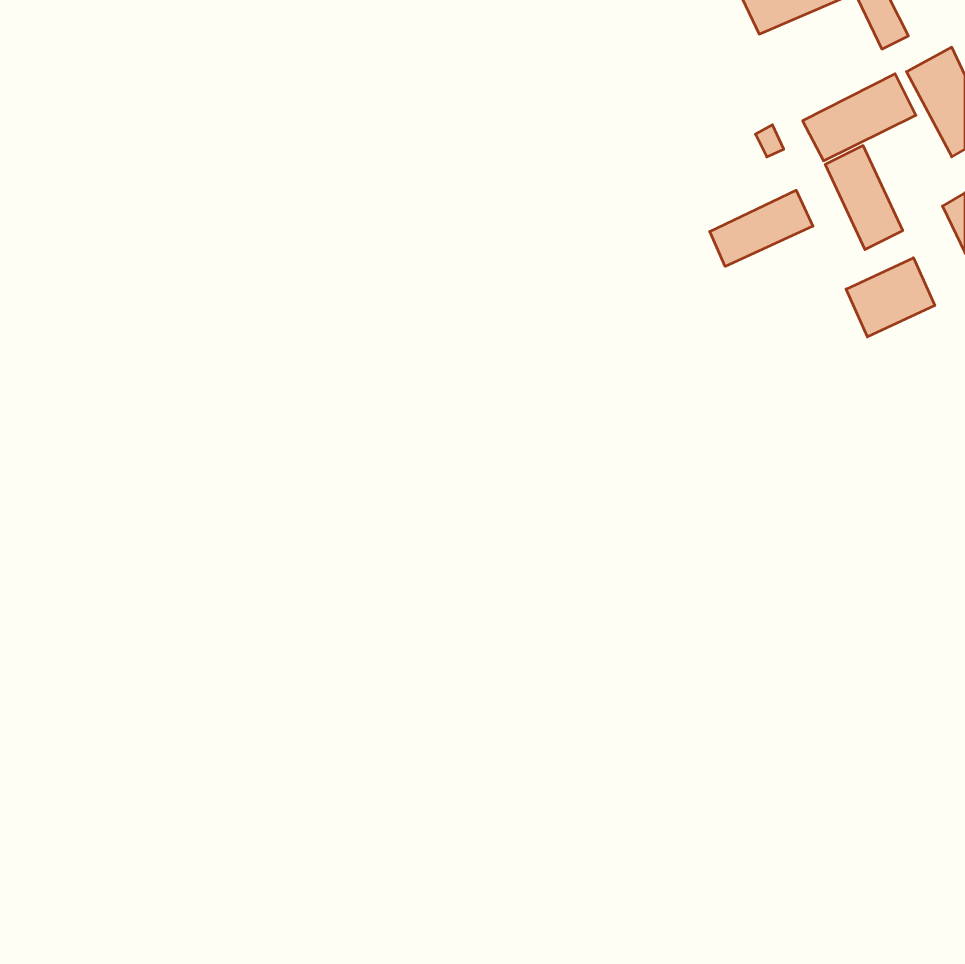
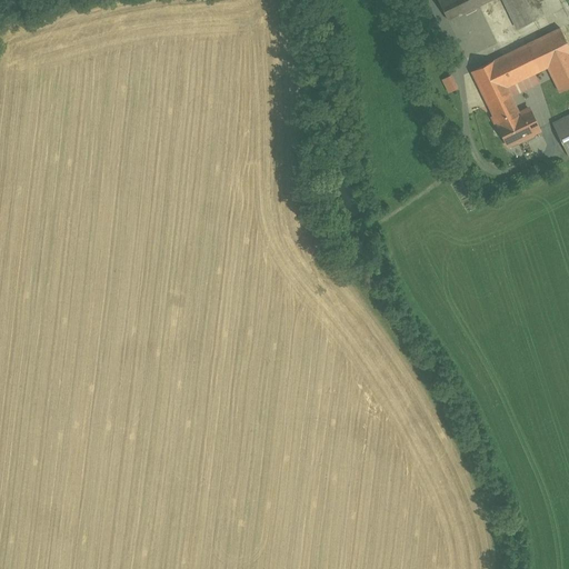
building: [710,190,813,266] -> none
building: [846,258,935,337] -> none

